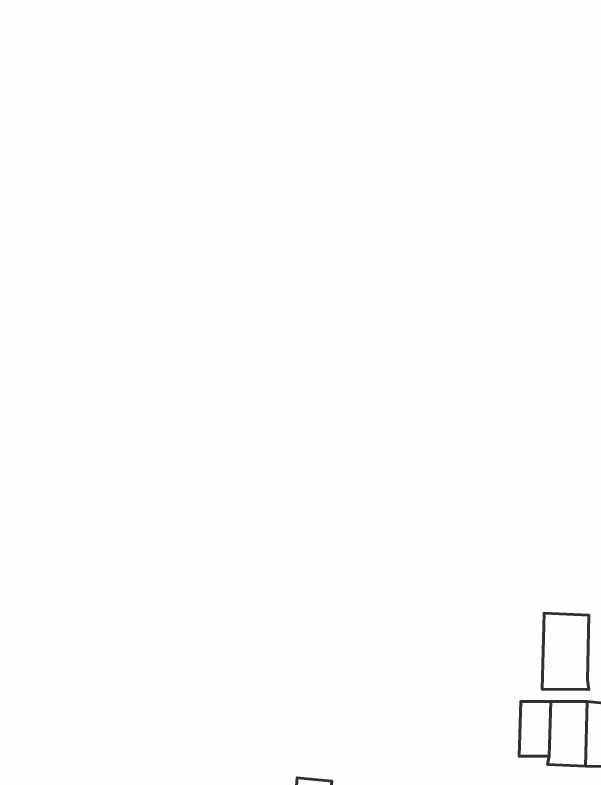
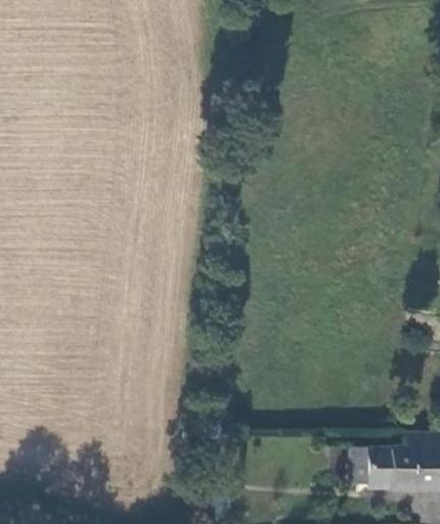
building: [542,613,589,690] -> none

